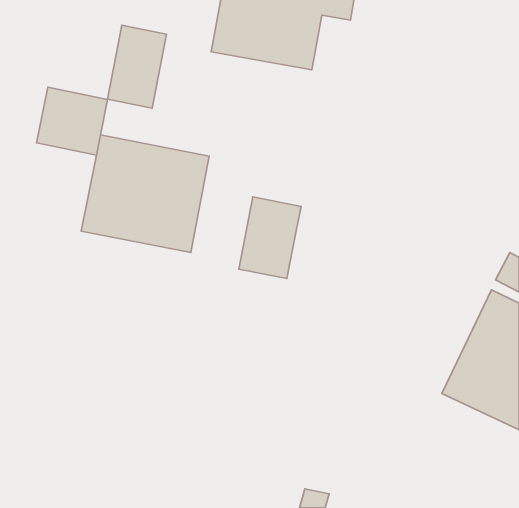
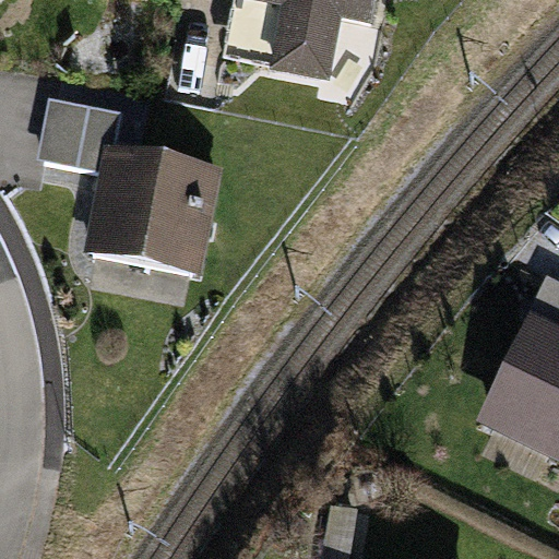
building: [107,25,166,108] -> none
building: [239,197,301,279] -> none

